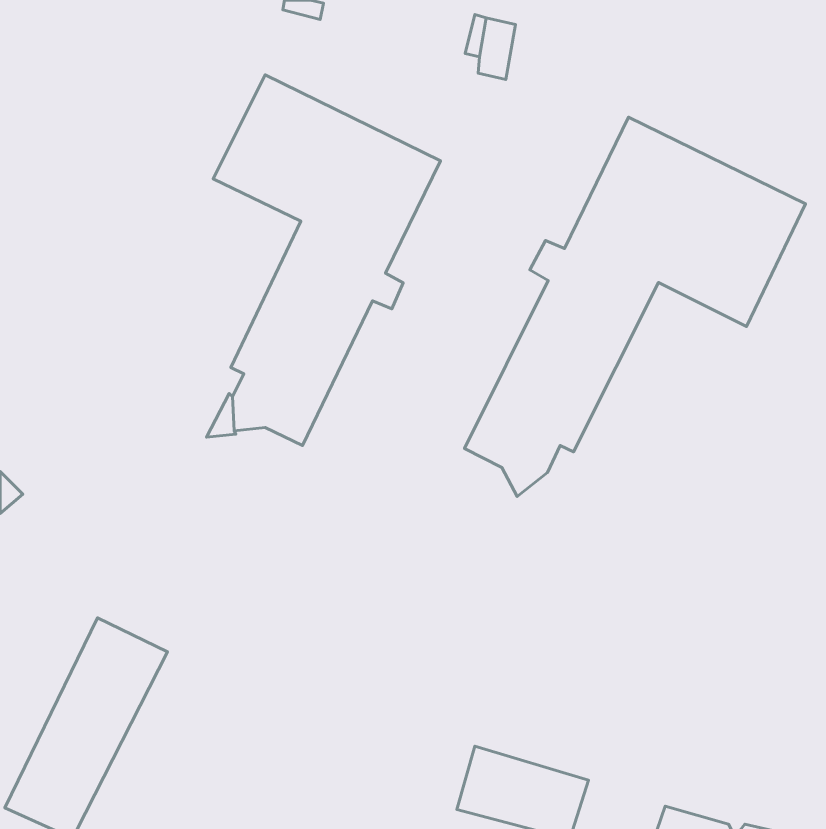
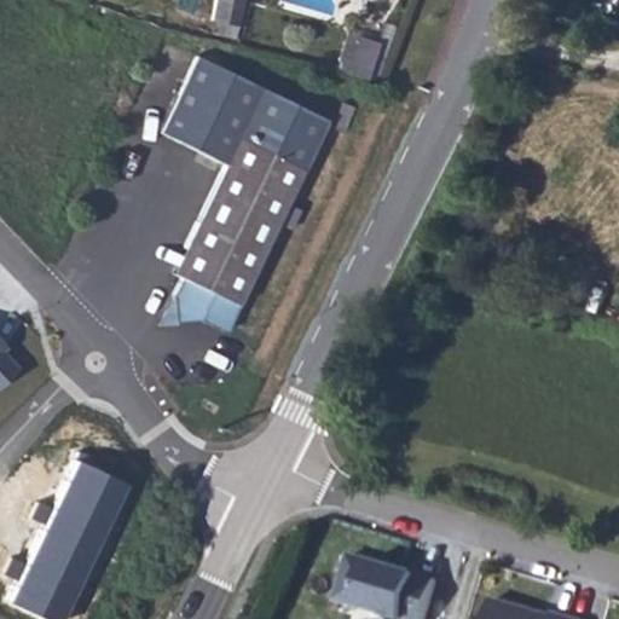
building: [464,117,806,496] -> none

